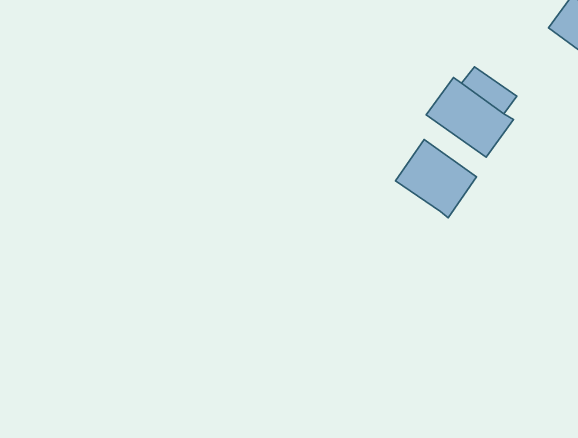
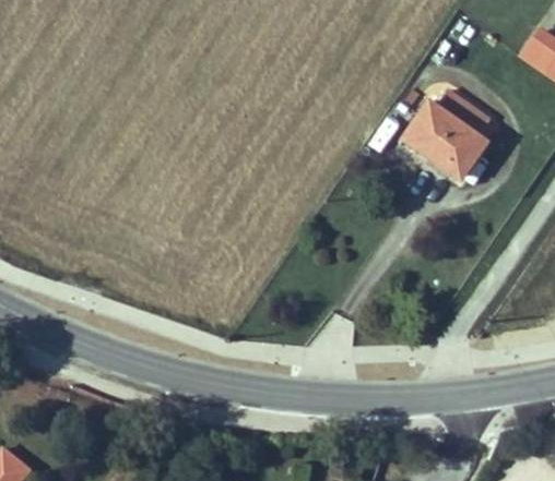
building: [395,140,477,218] -> none

